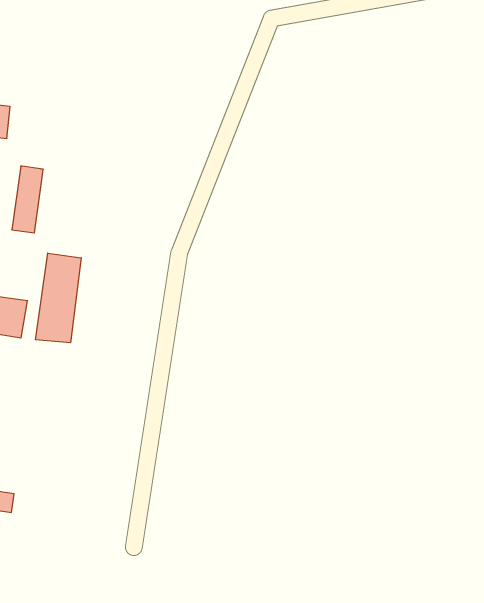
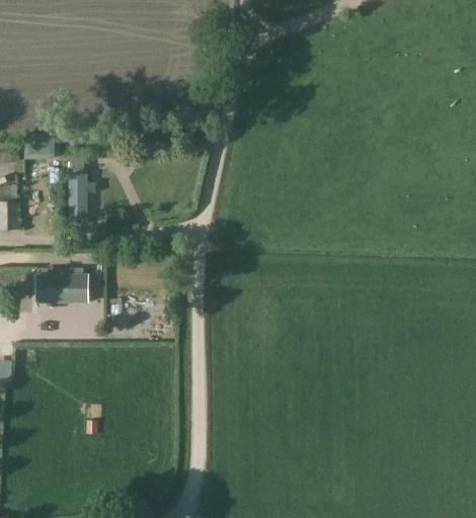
building: [36,253,81,343] -> none

